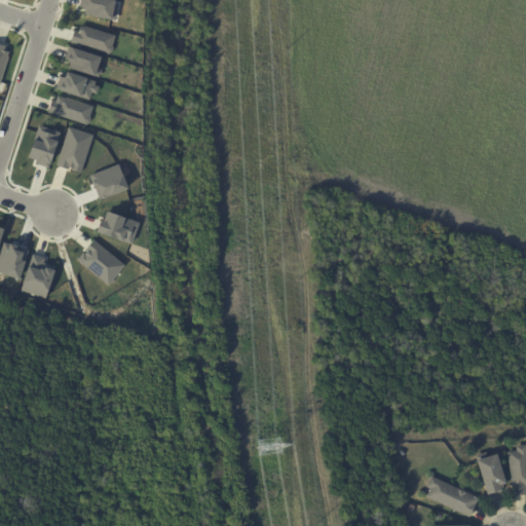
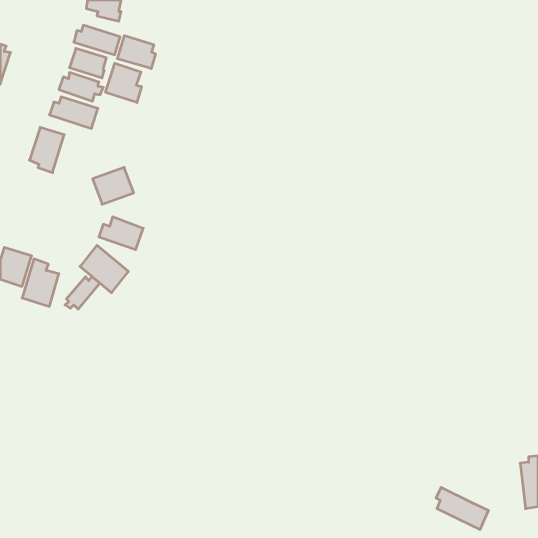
building: none -> [117,36,155,69]
building: none -> [106,63,141,103]
building: [57,126,95,173] -> none
building: none -> [65,276,100,309]
building: [475,452,504,496] -> none

